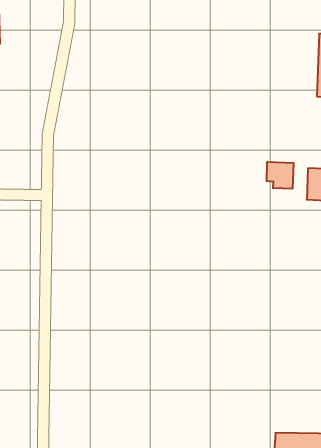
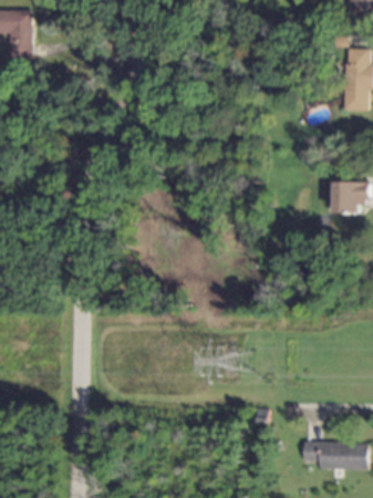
building: [267,162,293,189] -> none

